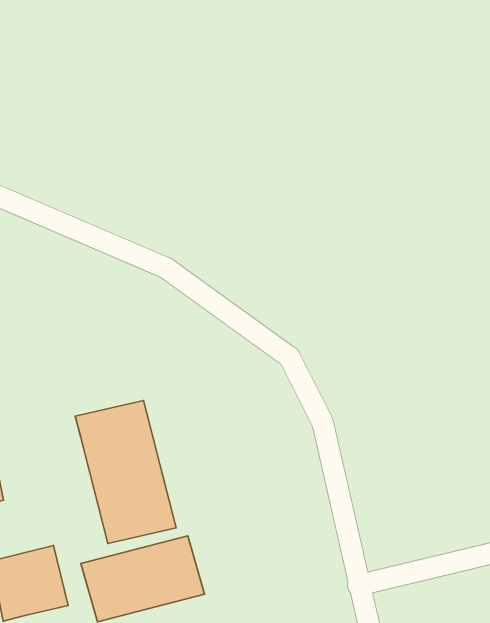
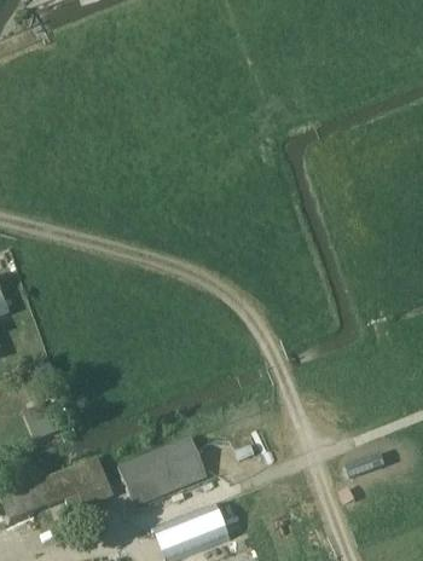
building: [75,400,176,543] -> none

